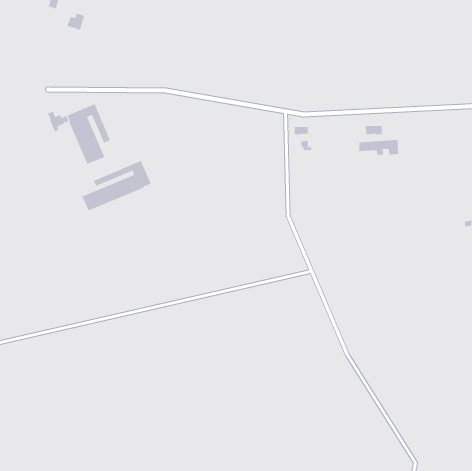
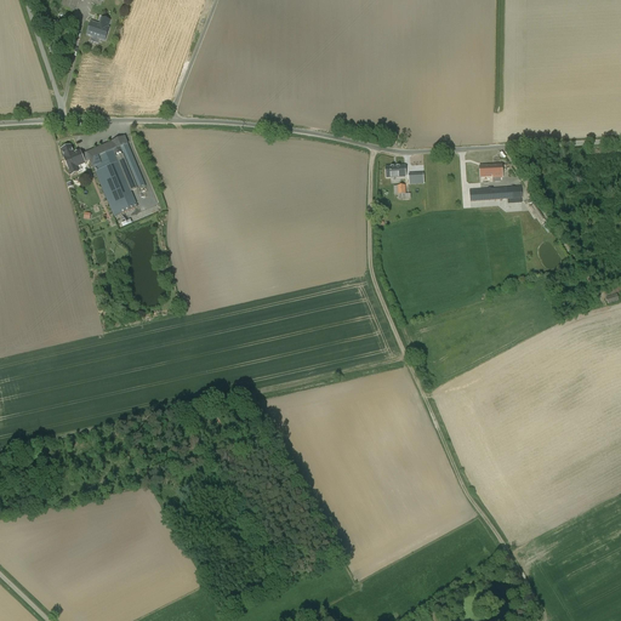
building: [81,160,152,211] -> none

